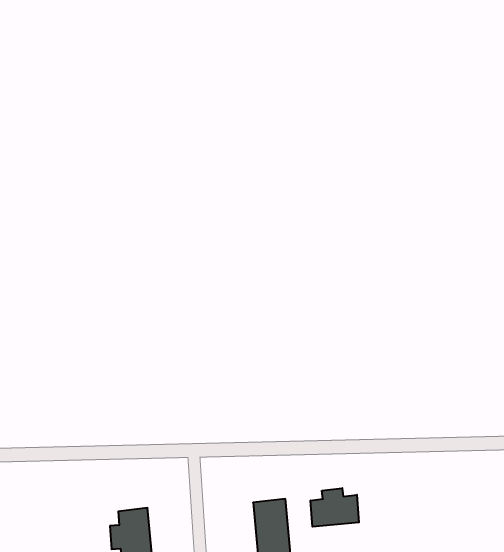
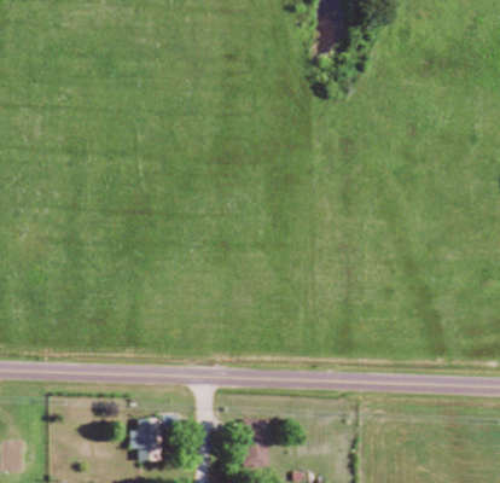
building: [311,488,359,527] -> none

